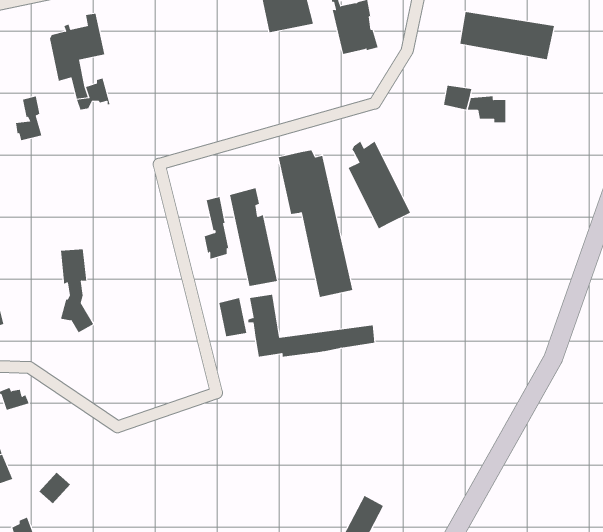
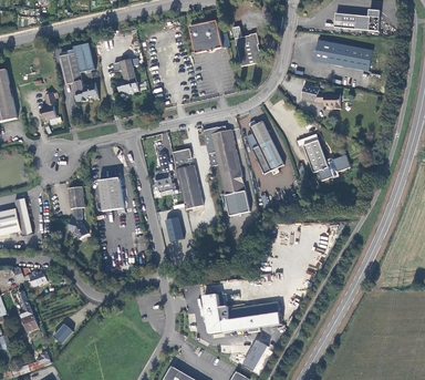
building: none -> [113,59,138,95]
building: none -> [302,140,348,181]
building: none -> [99,176,124,210]
building: [248,294,375,357] -> [204,294,282,332]

